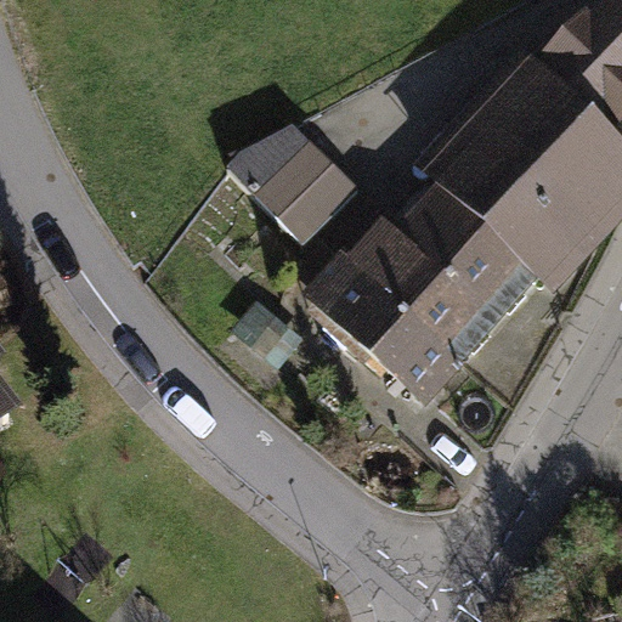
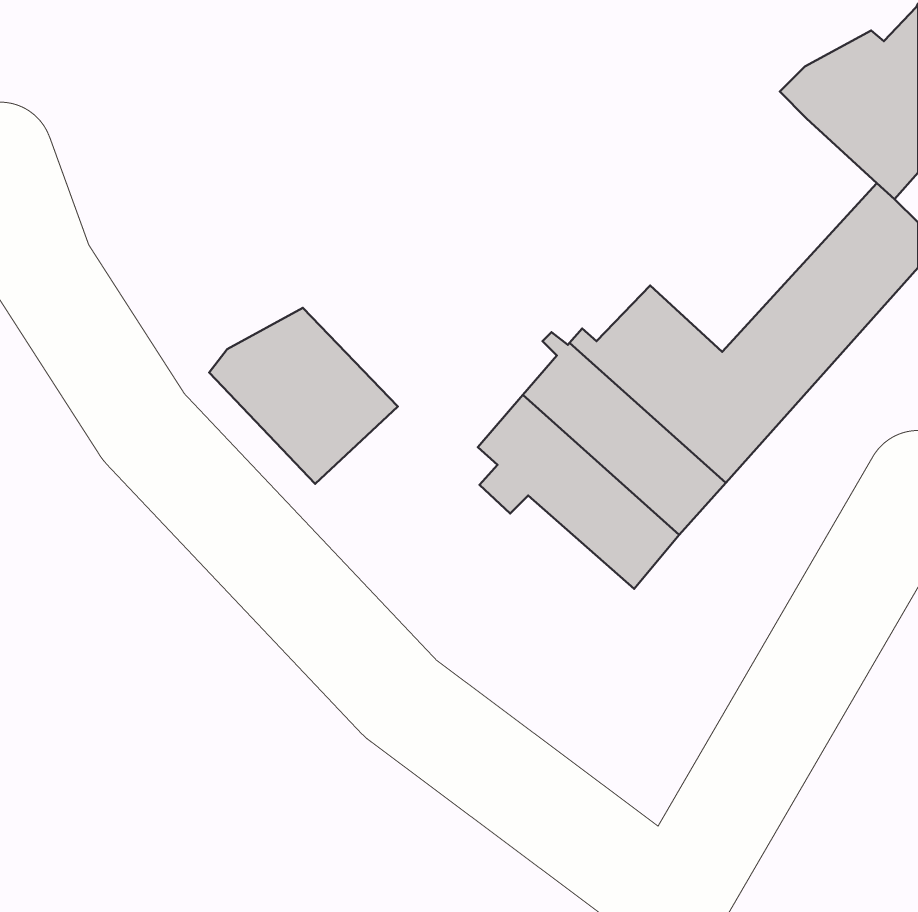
building: [440,80,593,238] -> none
building: [230,125,357,244] -> [209,308,398,484]

